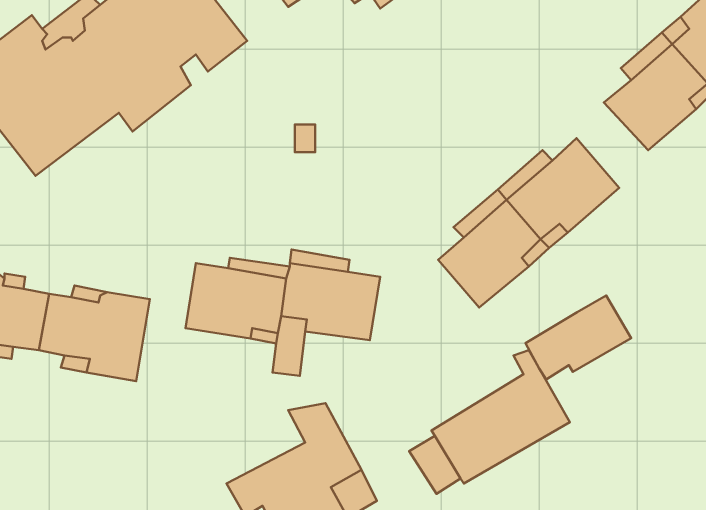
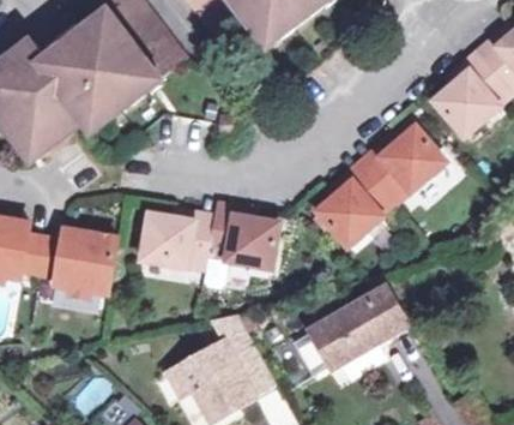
building: [525,295,631,379] -> none

